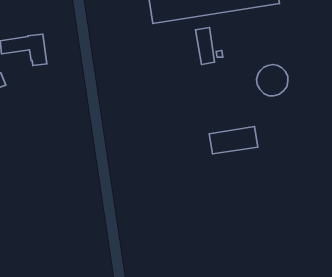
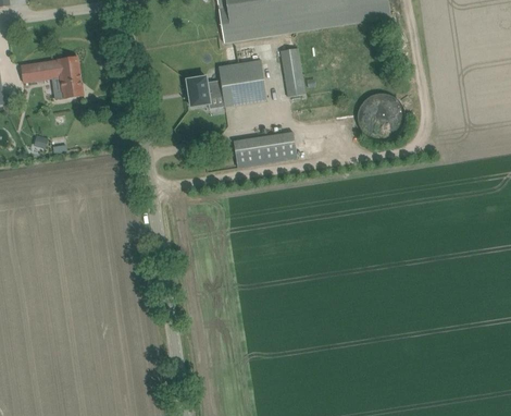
building: none -> [191,60,266,107]
building: [209,127,258,154] -> [233,131,297,167]

